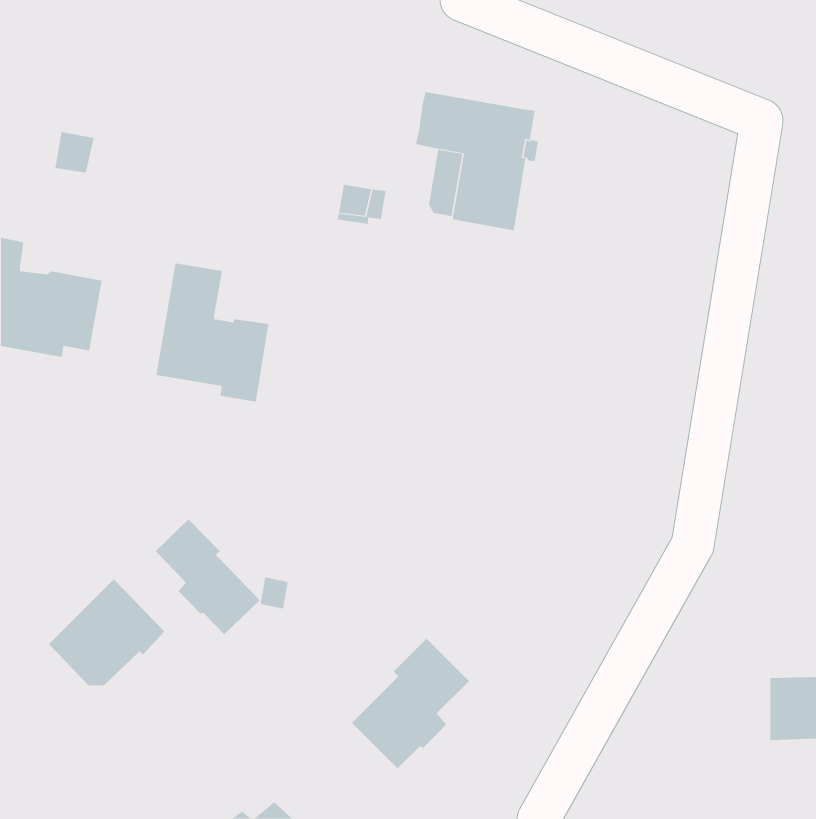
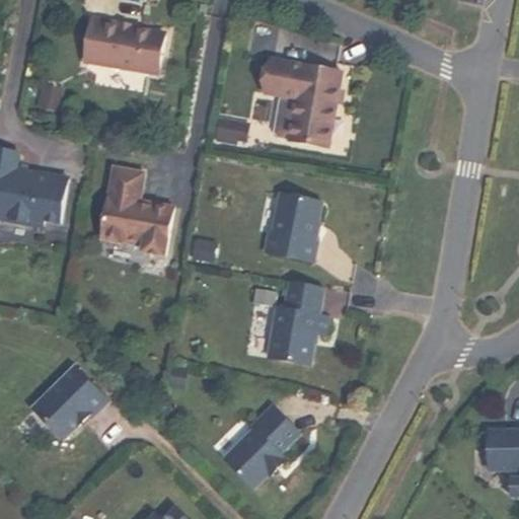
building: none -> [83,17,164,73]
building: none -> [264,192,320,260]
building: none -> [268,280,326,363]
building: [155,519,260,635] -> none

